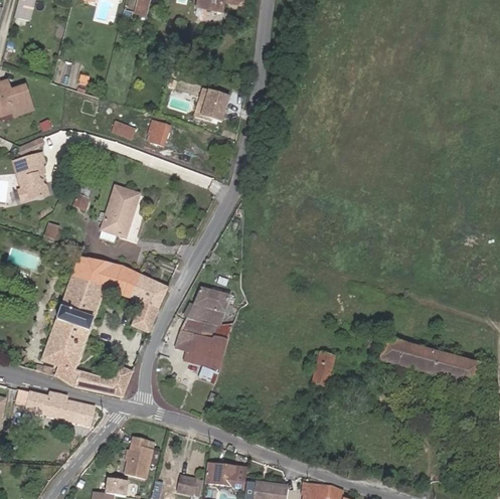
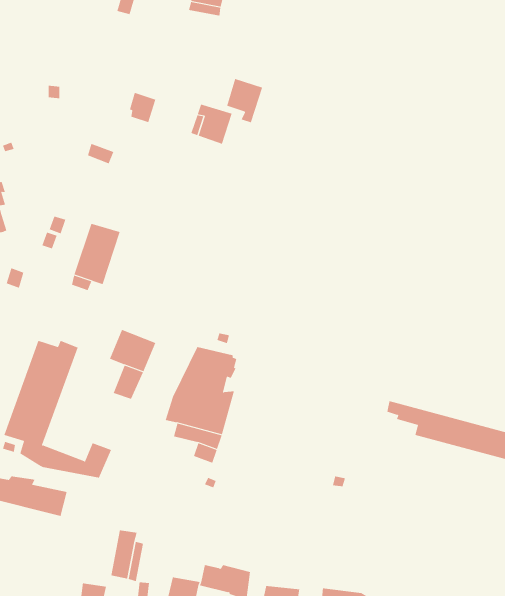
building: none -> [226,78,263,123]
building: [147,119,169,144] -> [129,92,156,123]
building: [70,257,139,296] -> none
building: [309,350,335,385] -> none

